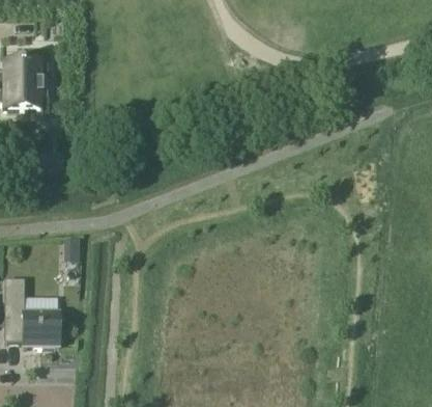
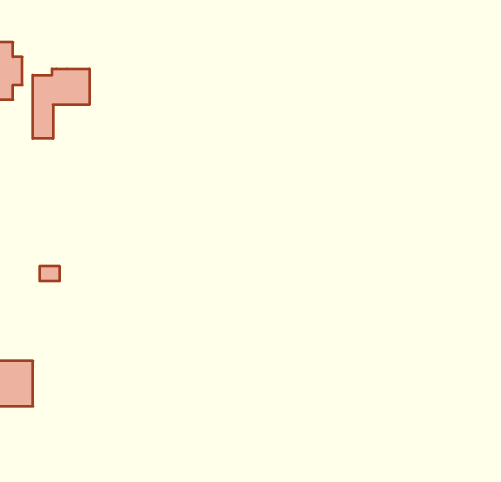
building: none -> [33,69,89,139]

